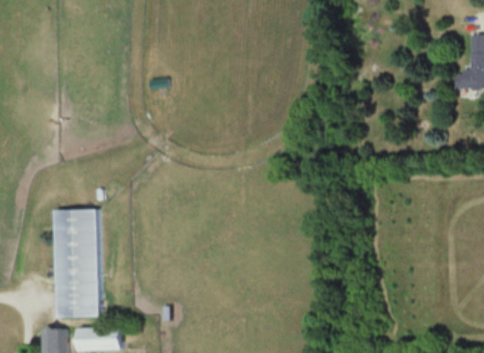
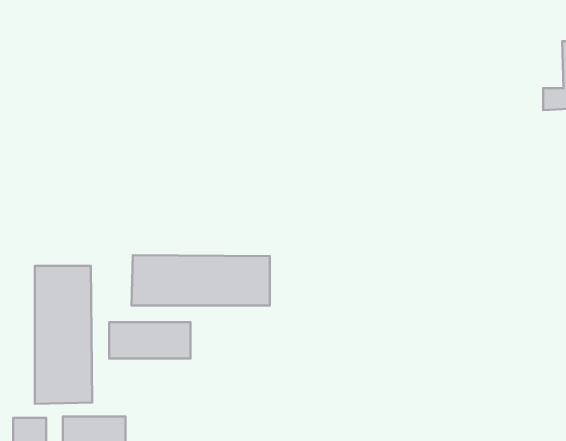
building: none -> [131,255,270,306]
building: none -> [109,322,191,358]

